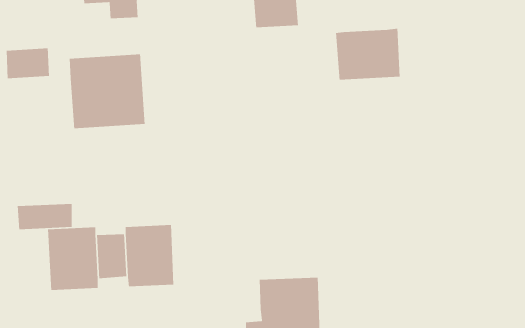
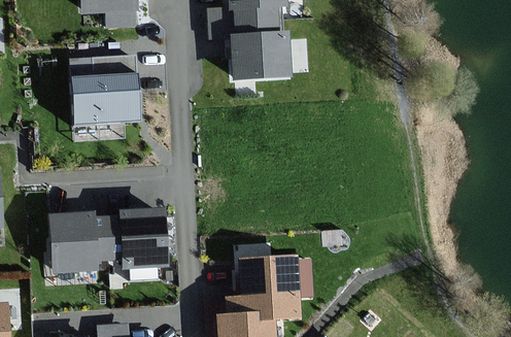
building: [335,28,401,81] -> [231,31,289,78]
building: [6,47,50,79] -> none
building: [17,203,72,230] -> none

